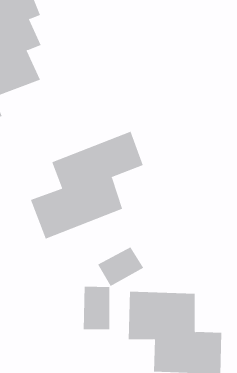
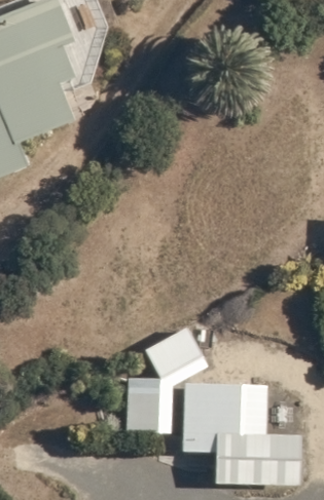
building: [30,131,143,239] -> none

